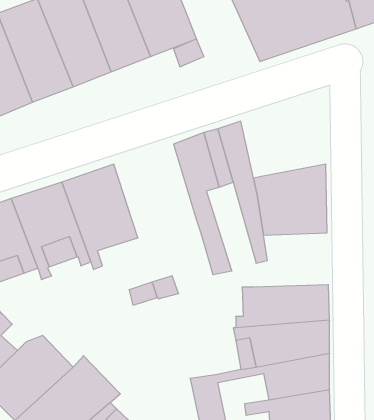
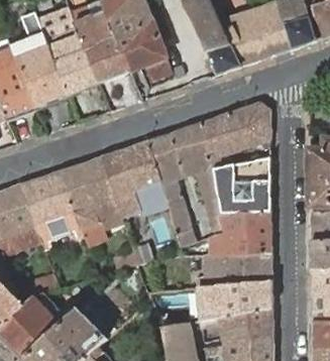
building: none -> [202,103,269,167]
building: none -> [101,140,171,222]
building: none -> [211,211,271,254]

